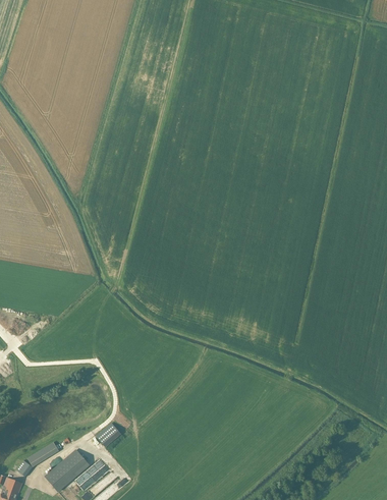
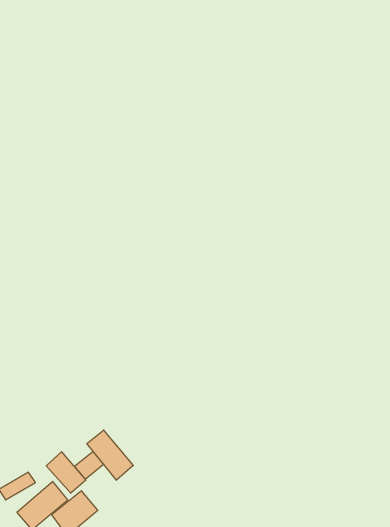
building: none -> [87,430,133,480]
building: none -> [46,452,86,493]

